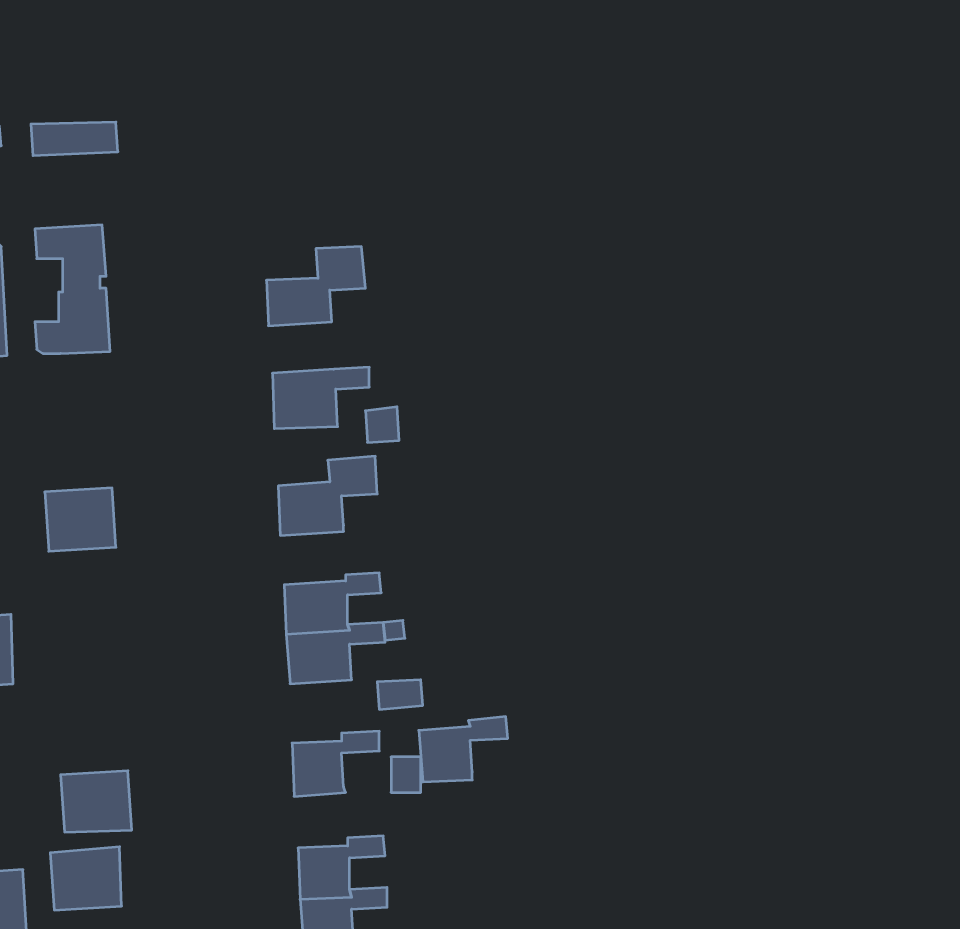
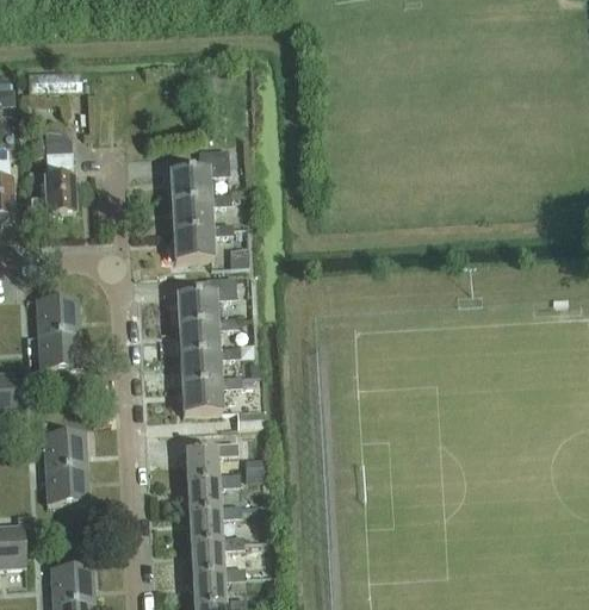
building: none -> [170,194,230,226]
building: none -> [178,317,237,354]
building: none -> [38,331,80,369]
building: [419,717,508,782] -> [186,473,240,512]
building: [50,847,122,910] -> [43,430,86,468]

